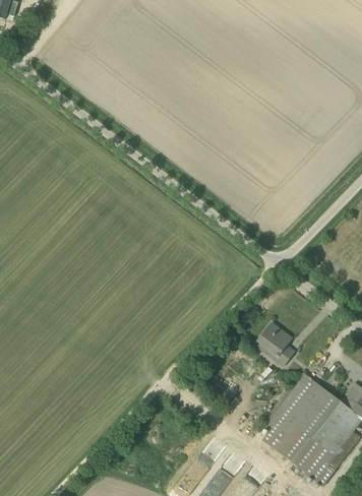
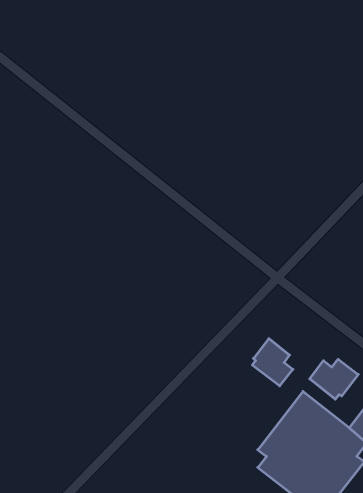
building: none -> [310,359,358,399]

